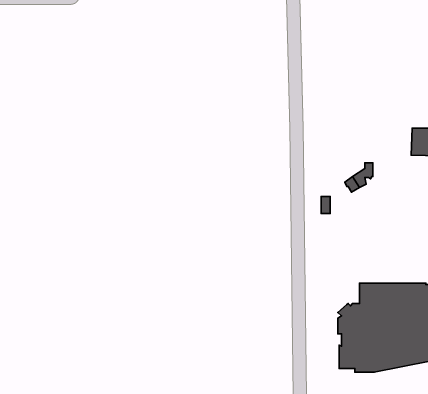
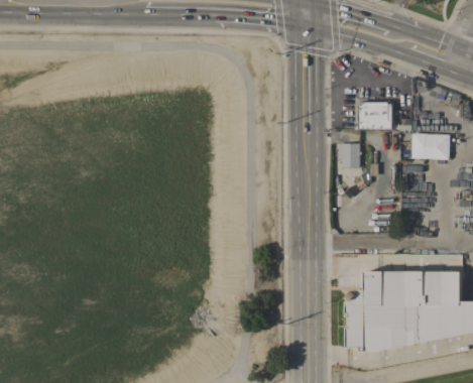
building: none -> [358,101,391,136]
building: none -> [339,143,362,167]

